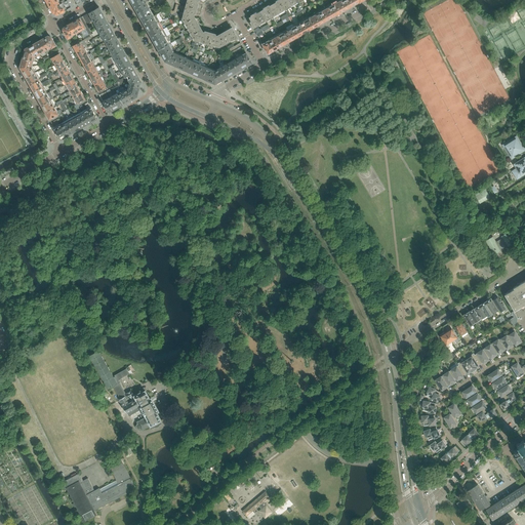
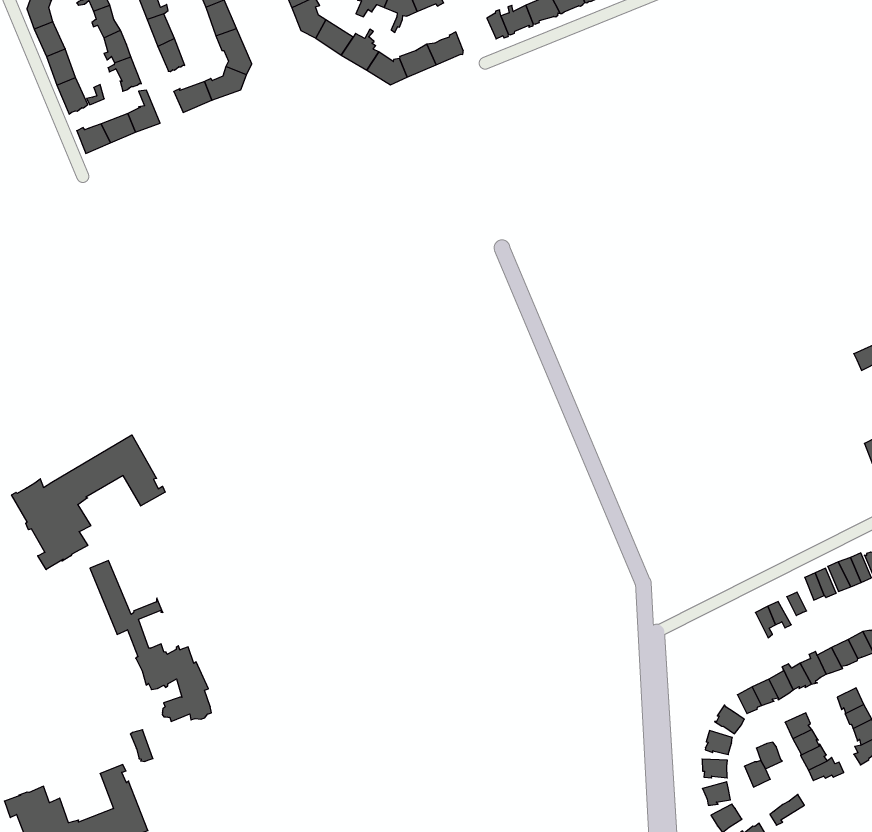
building: none -> [12,435,165,570]

